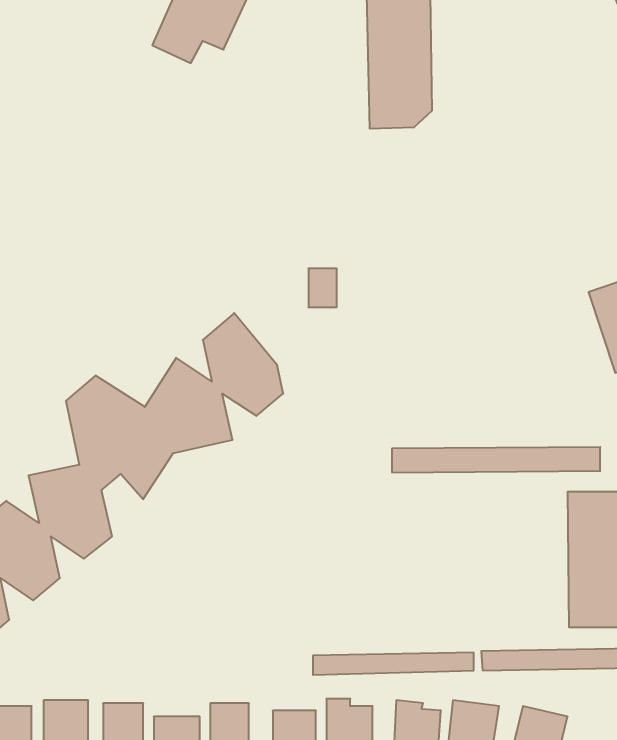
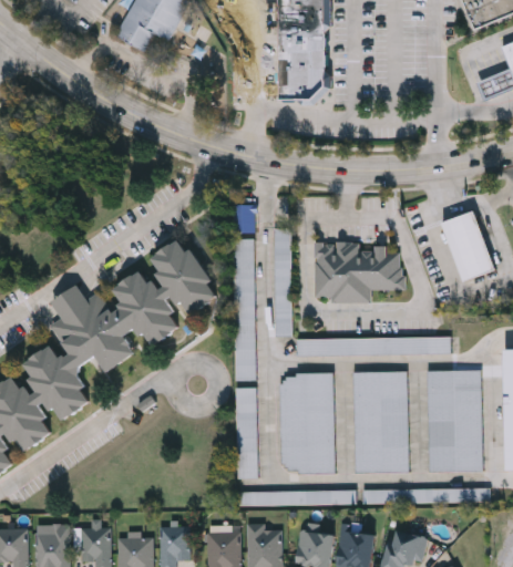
building: none -> [274,228,291,337]
building: none -> [234,238,256,380]
building: none -> [314,243,402,302]
building: none -> [355,370,410,472]
building: none -> [280,373,335,473]
building: none -> [236,386,256,477]

